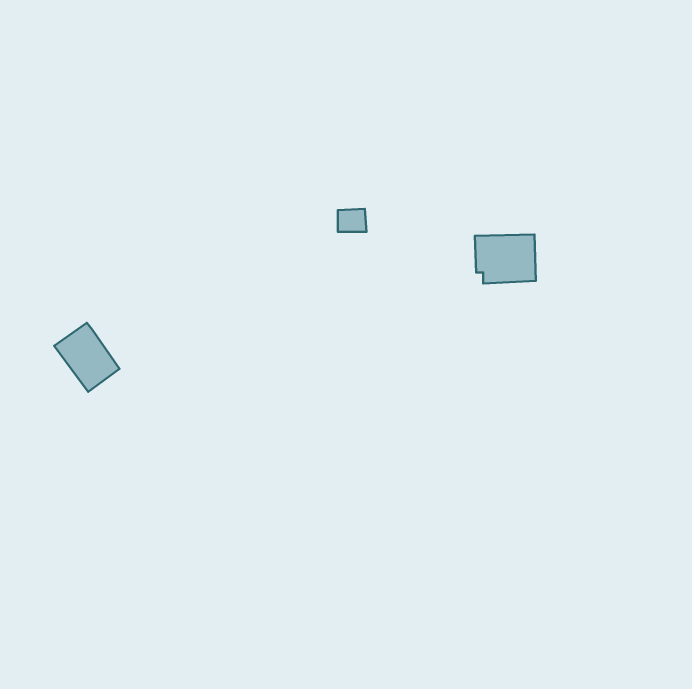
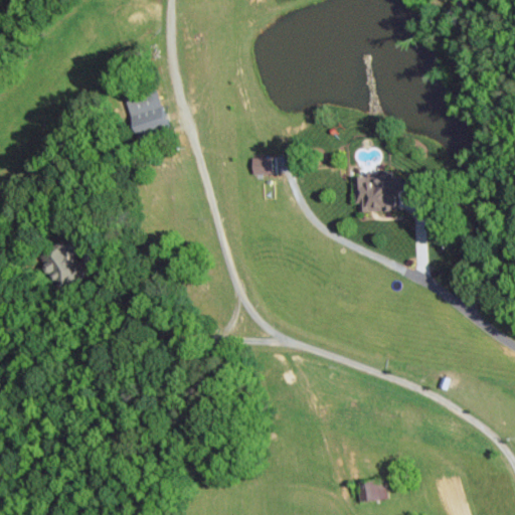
building: none -> [125,90,167,138]
building: none -> [356,479,385,503]

